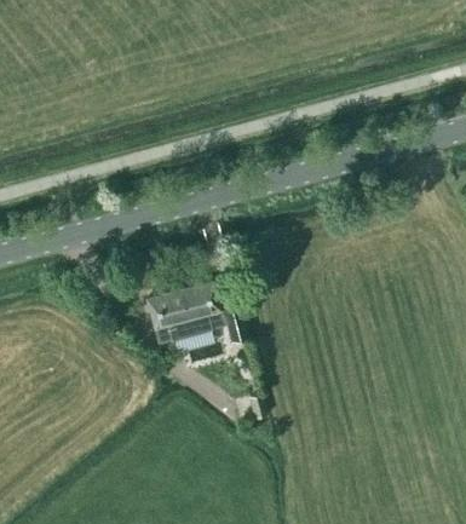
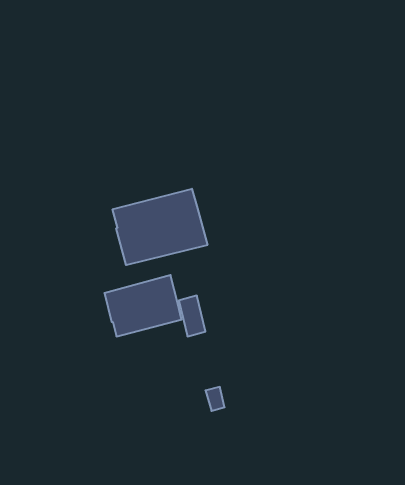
building: none -> [113,189,207,265]

